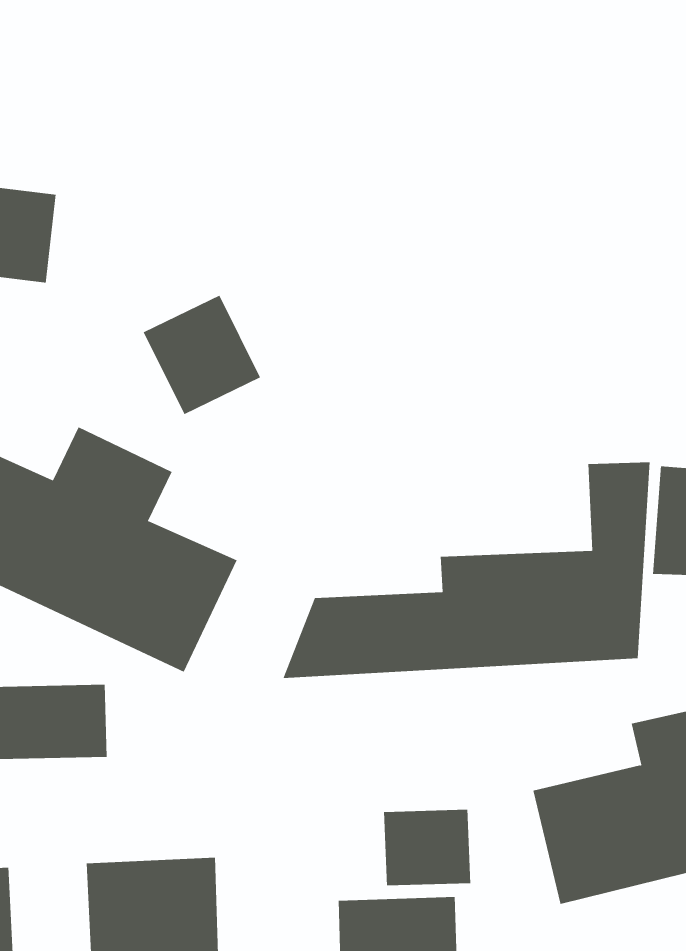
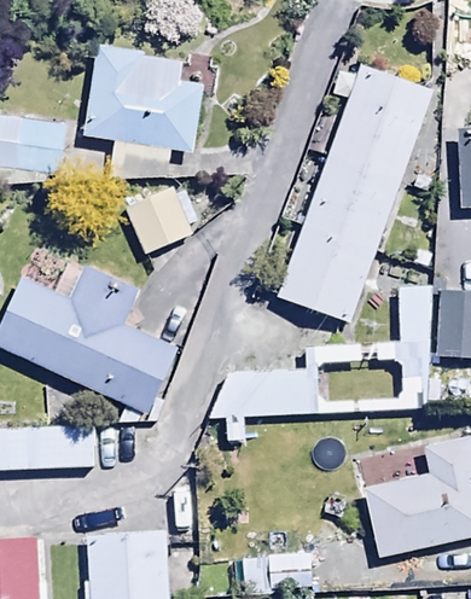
building: none -> [81,47,202,178]
building: none -> [277,64,435,324]
building: [383,809,471,886] -> none

